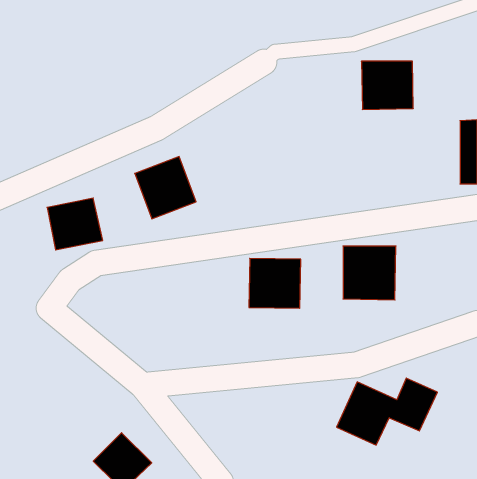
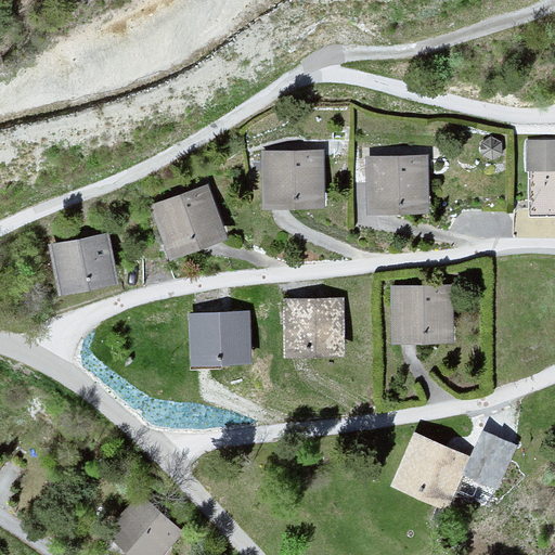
building: [361,61,413,109] -> [365,156,425,211]
building: none -> [263,147,323,203]
building: none -> [193,311,249,364]

